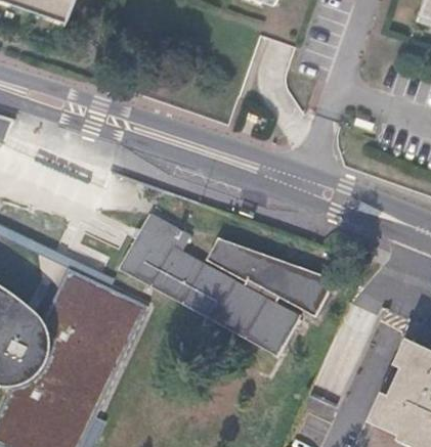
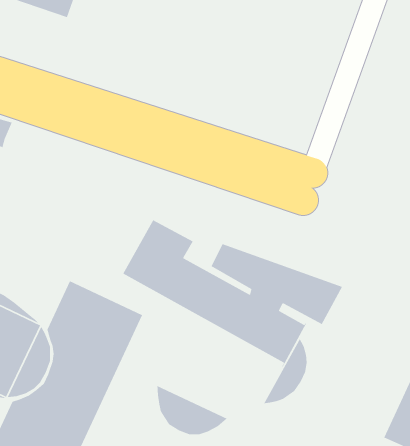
building: none -> [263,338,308,404]
building: none -> [157,385,228,435]

